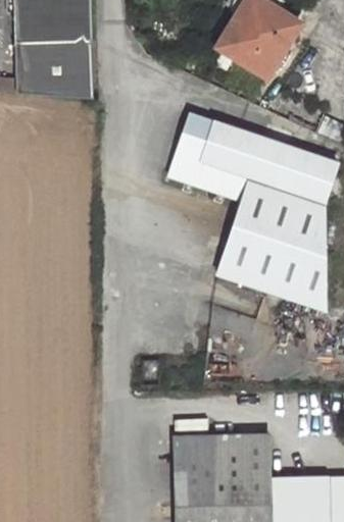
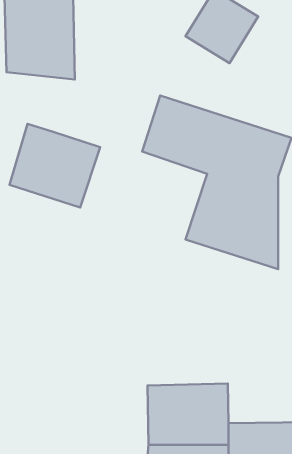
building: none -> [9,124,100,208]

